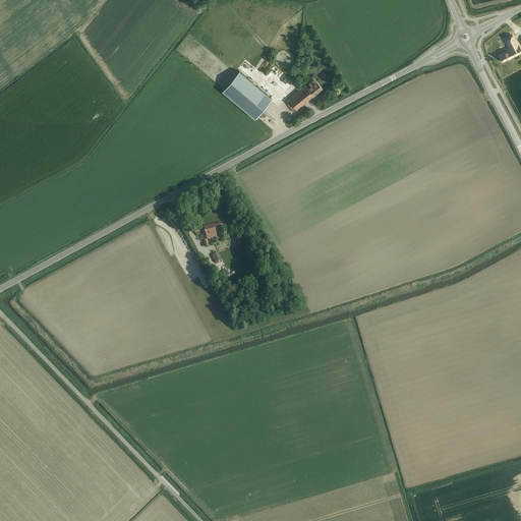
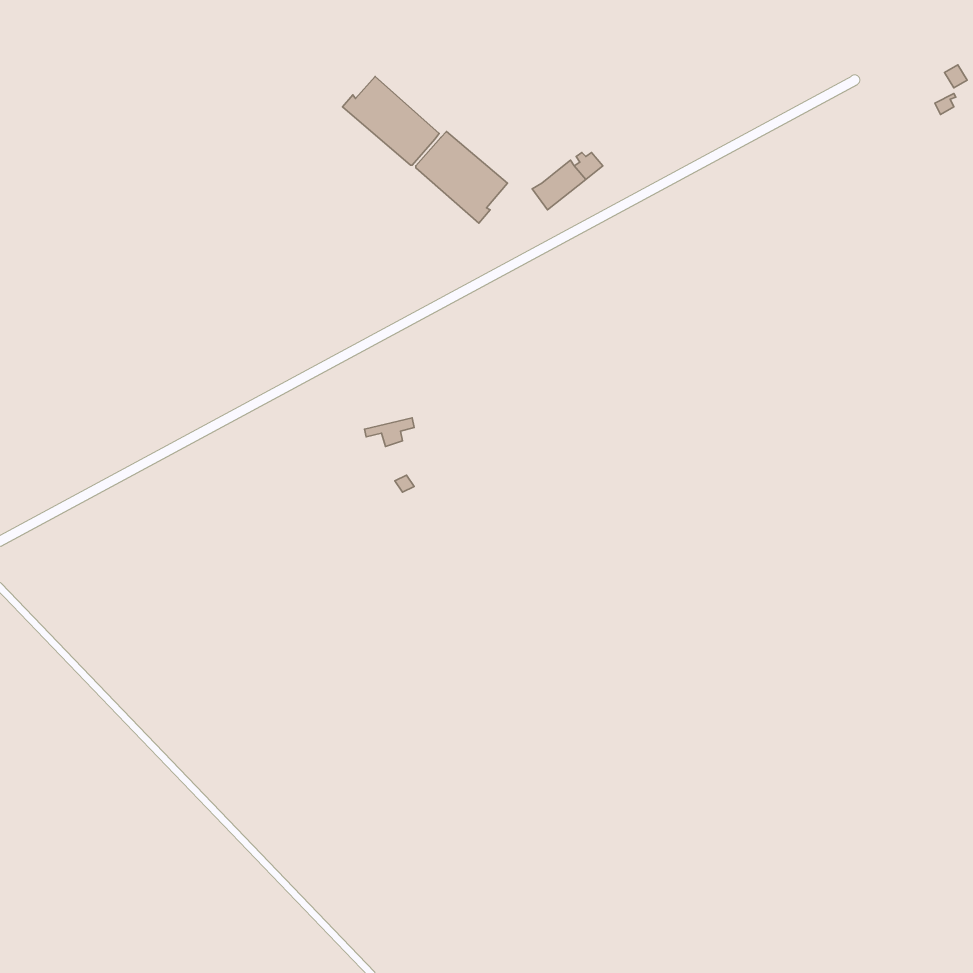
building: none -> [342,77,439,165]

